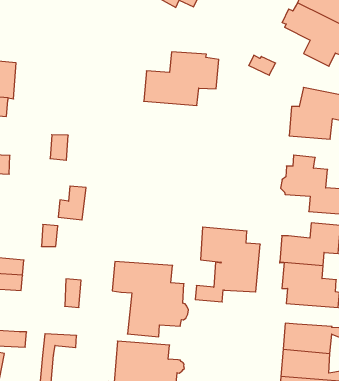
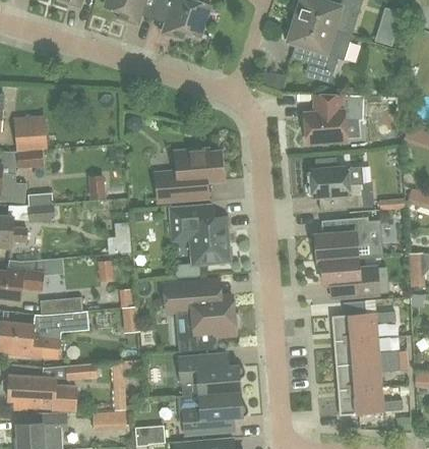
building: [144,52,219,105] -> [157,149,224,202]
building: [195,227,260,302] -> [171,206,230,277]

